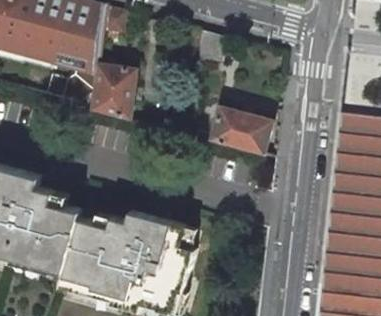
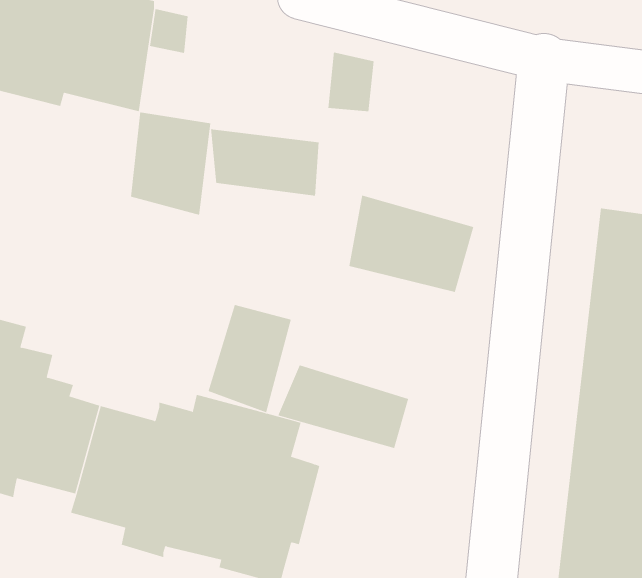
building: none -> [210,128,319,196]
building: none -> [208,304,291,413]
building: none -> [278,364,409,449]

